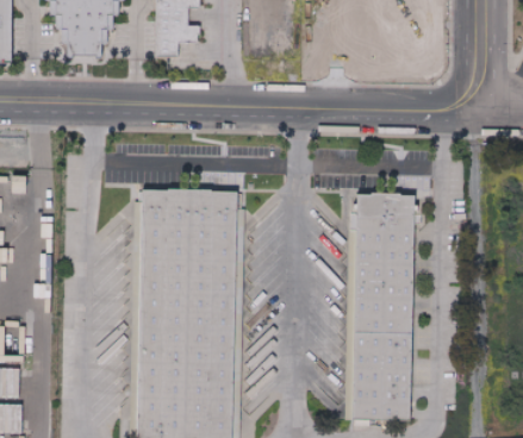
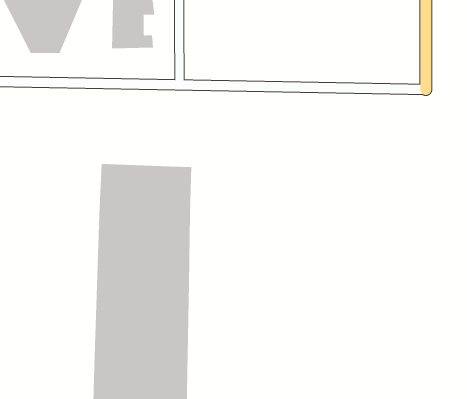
building: [353,192,416,414] -> none

